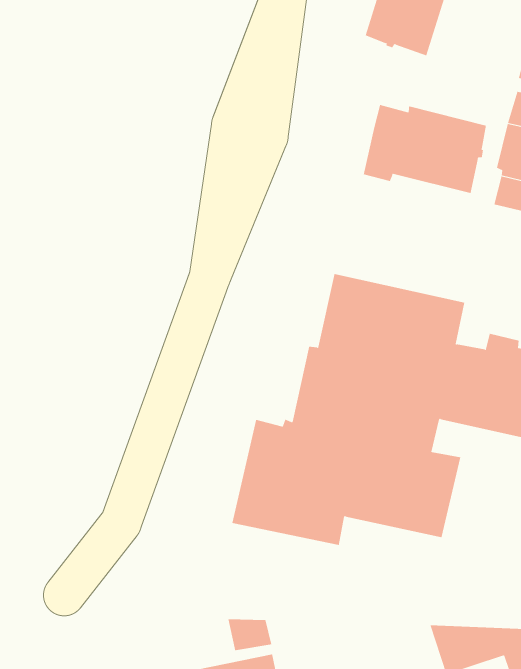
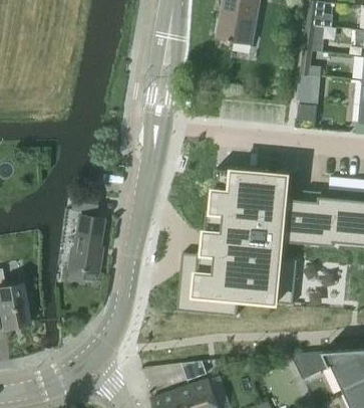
building: [363,104,487,194] -> none
building: none -> [66,191,102,282]

